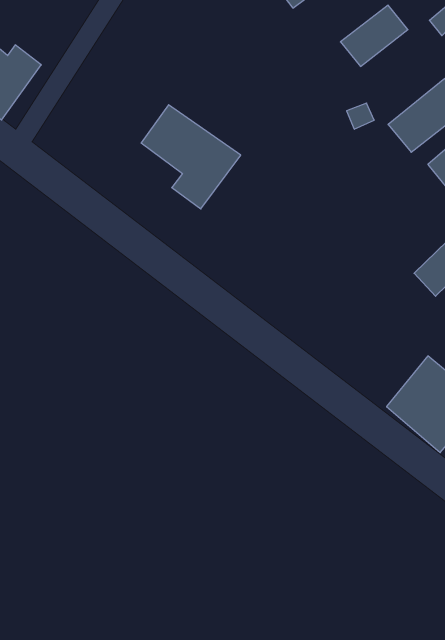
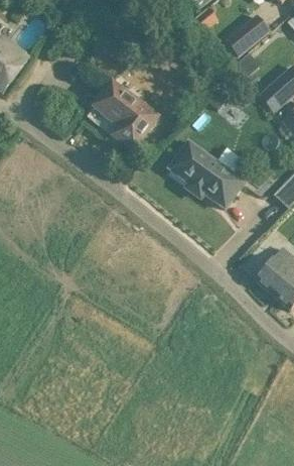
building: none -> [169,141,244,207]

